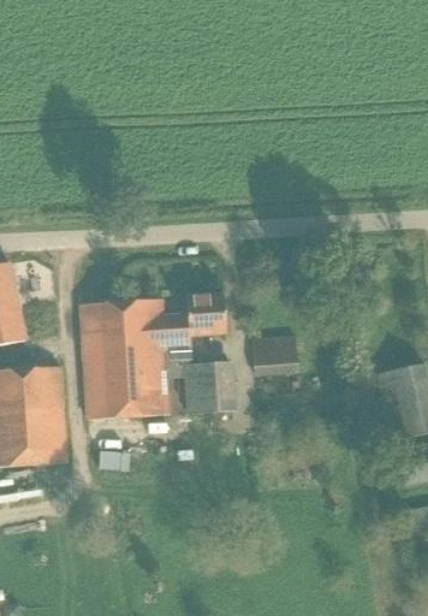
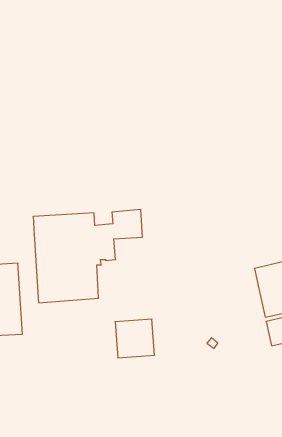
building: [252,336,298,377] -> none
building: [183,360,236,411] -> [115,319,155,358]

